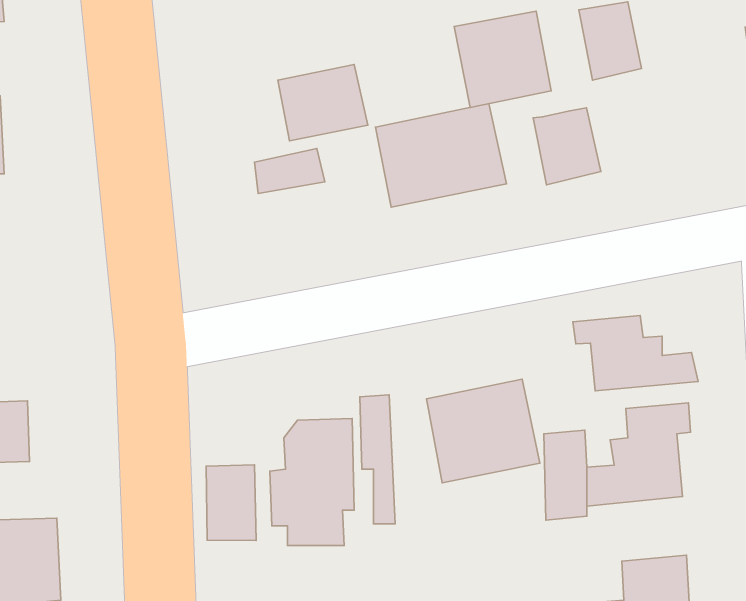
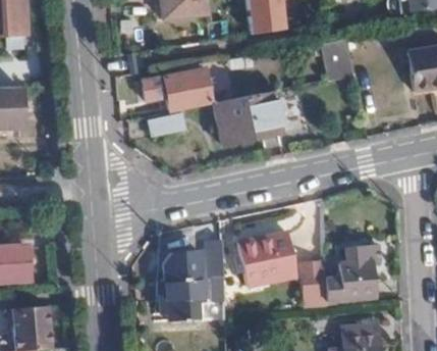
building: [454,11,551,107] -> none
building: [533,108,601,185] -> none
building: [573,315,698,391] -> none
building: [206,465,256,540] -> none

